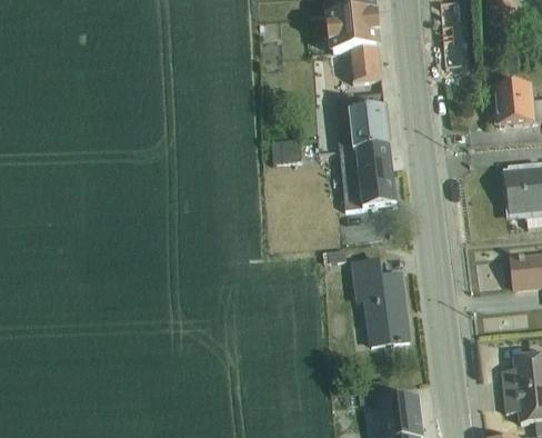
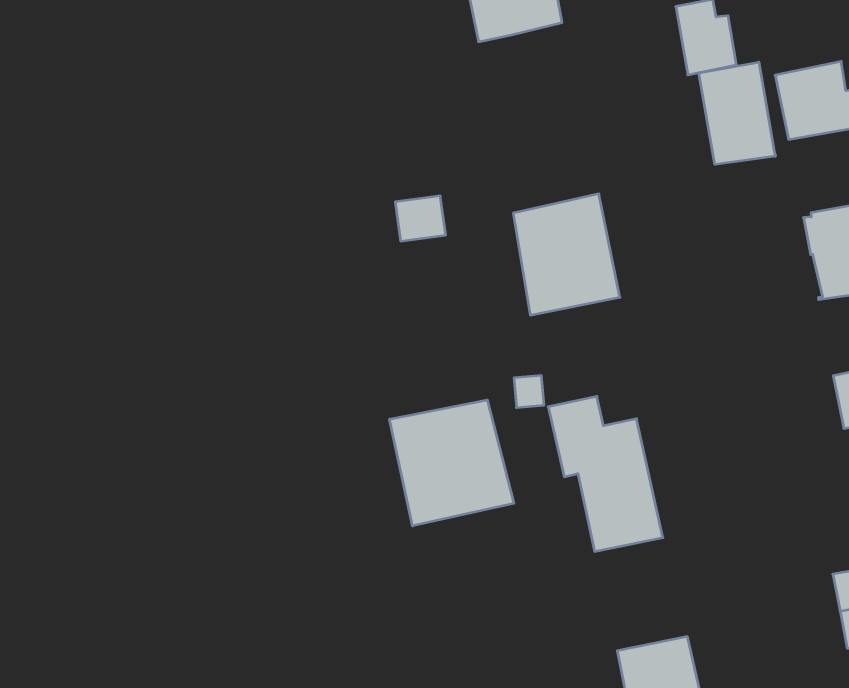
building: [349,47,381,82] -> none
building: none -> [699,62,775,164]
building: [335,92,390,151] -> none
building: none -> [390,400,514,526]

